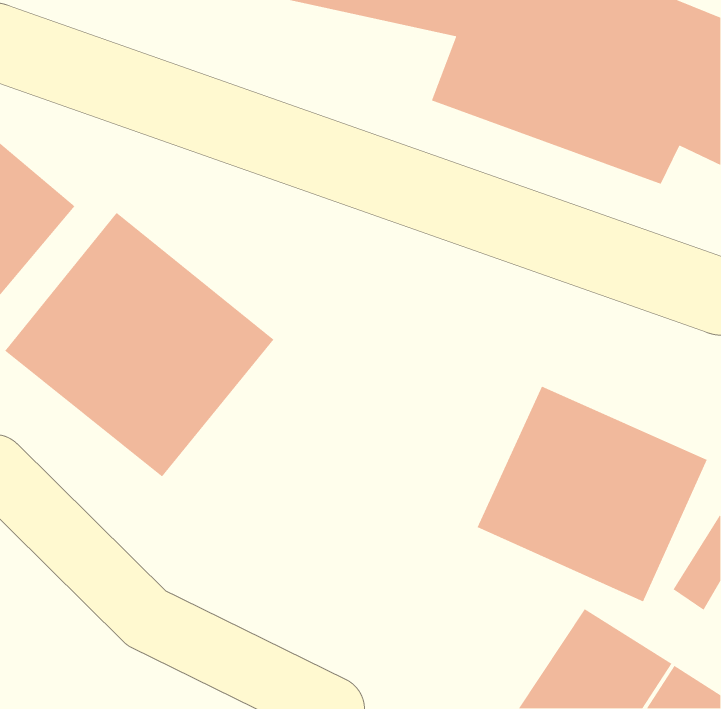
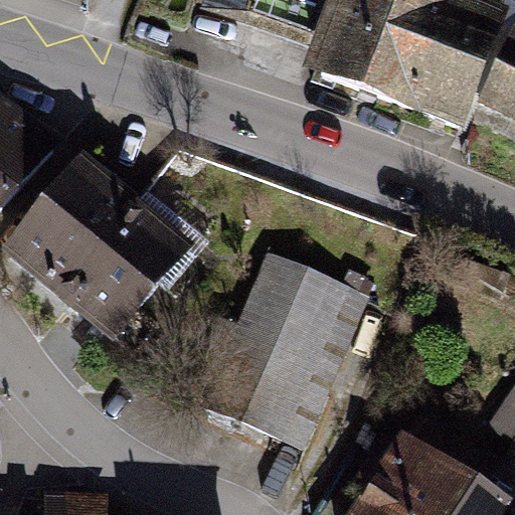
building: none -> [197,250,366,450]
building: [477,385,708,603] -> none

